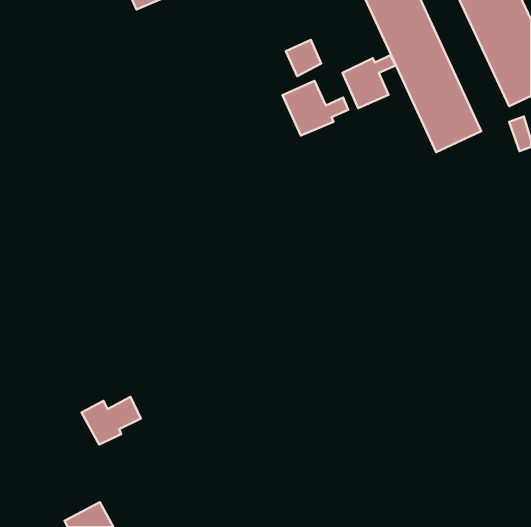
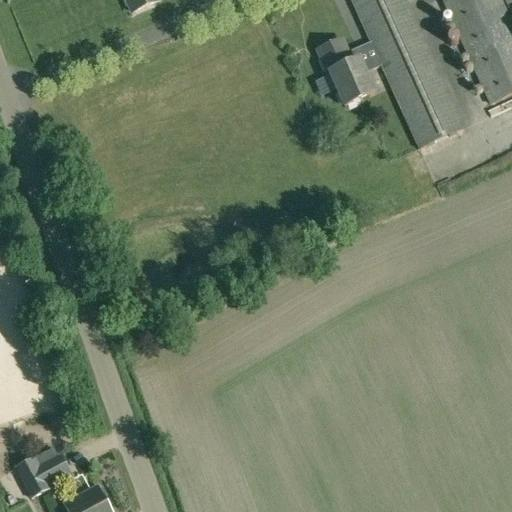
building: [286,40,321,76] -> [316,36,350,71]
building: [283,81,348,135] -> none
building: [82,397,141,445] -> [13,450,70,496]

